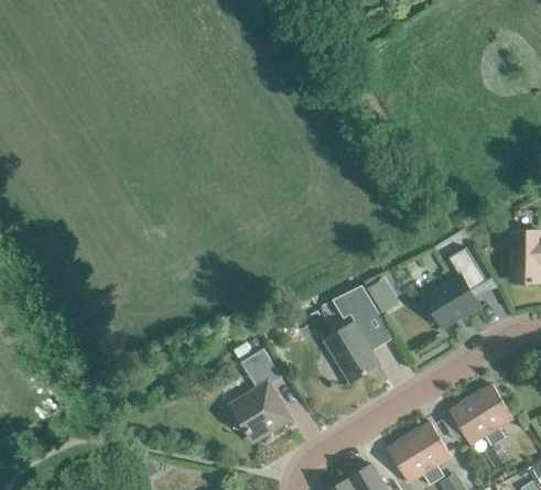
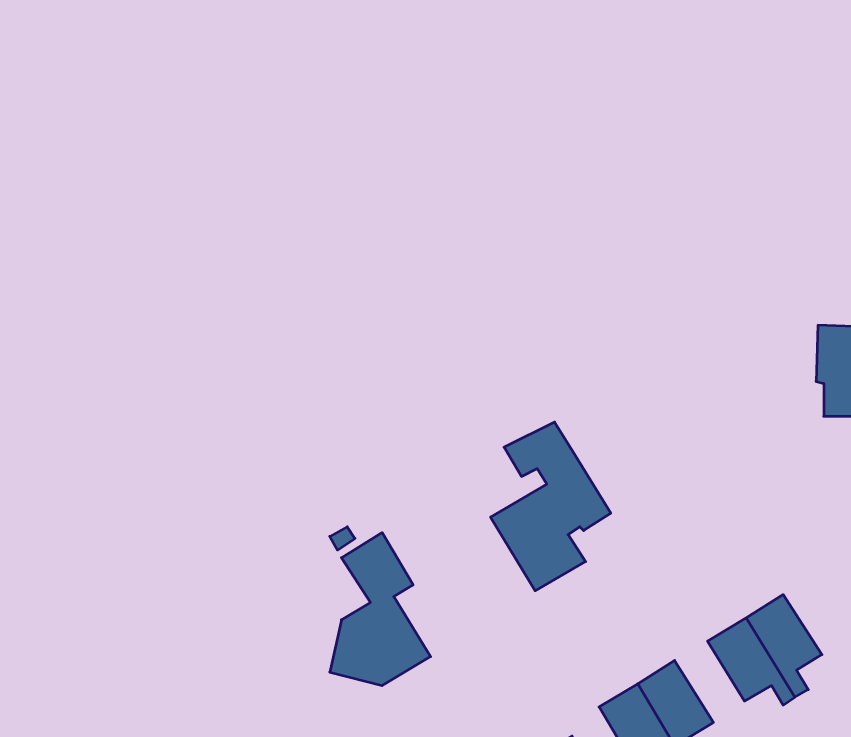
building: [424,249,486,328] -> none
building: [368,277,400,314] -> none

